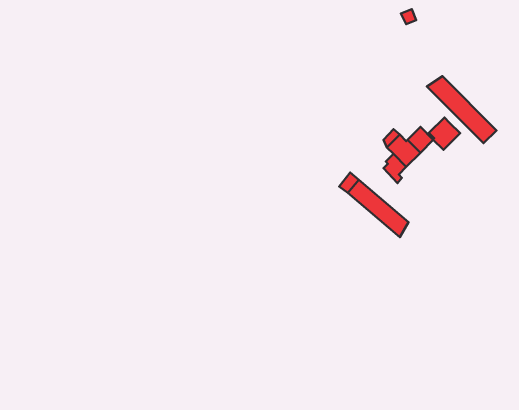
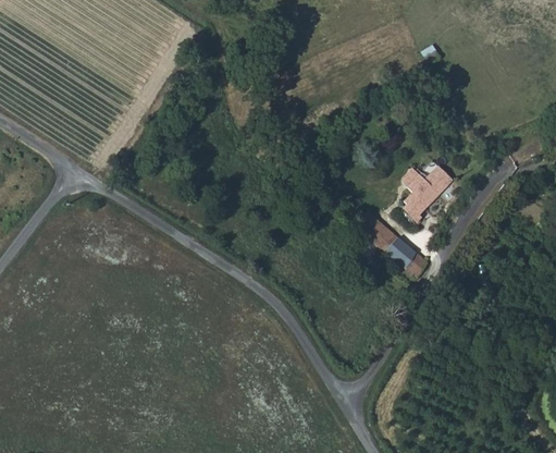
building: [427,76,496,143] -> none
building: [429,117,460,150] -> none

